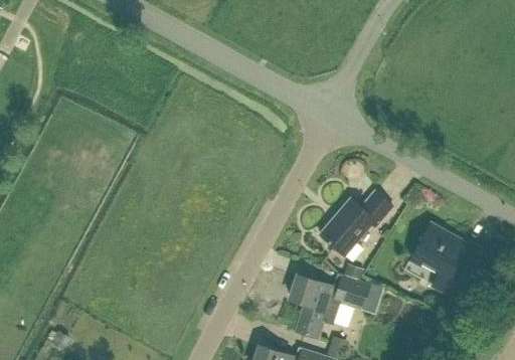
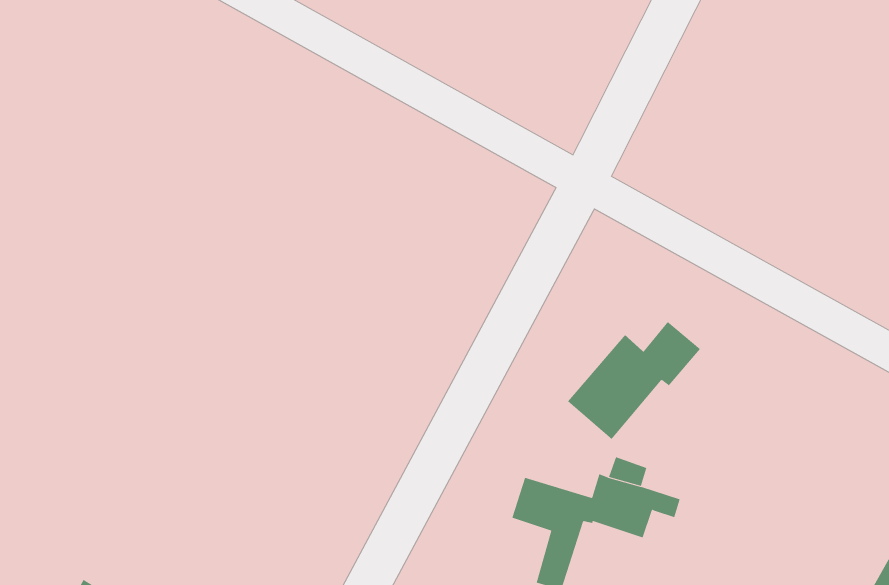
building: [412,223,475,299] -> none

